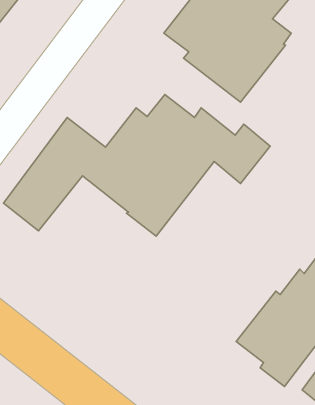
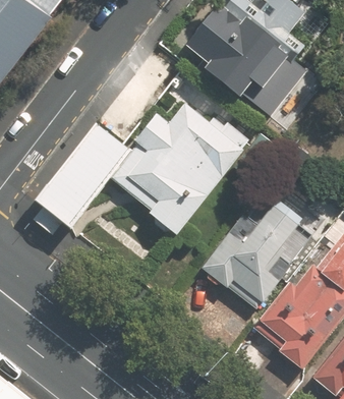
building: none -> [199,201,307,310]

